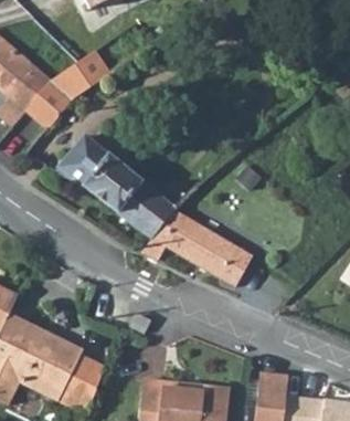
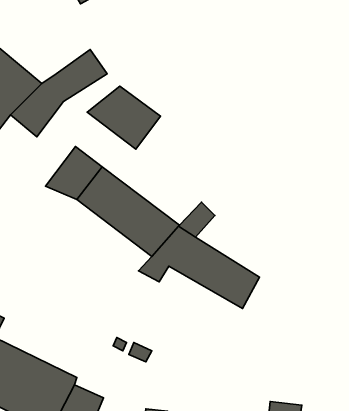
building: none -> [87,86,161,149]

